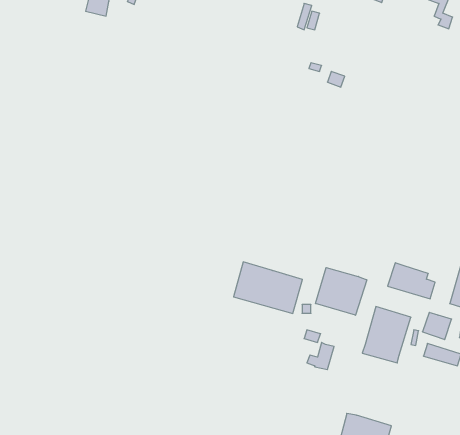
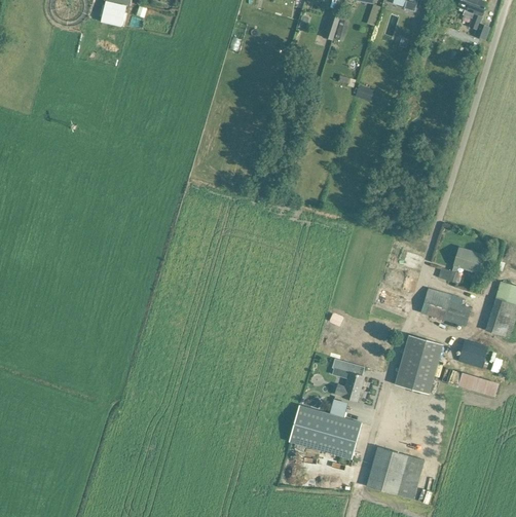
building: none -> [439,248,485,283]
building: [234,262,302,313] -> [289,405,362,459]
building: [316,268,367,315] -> none

